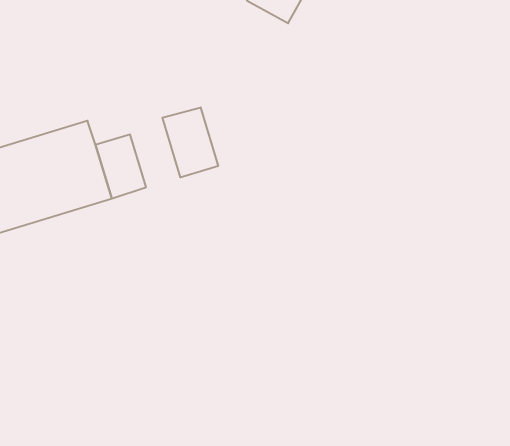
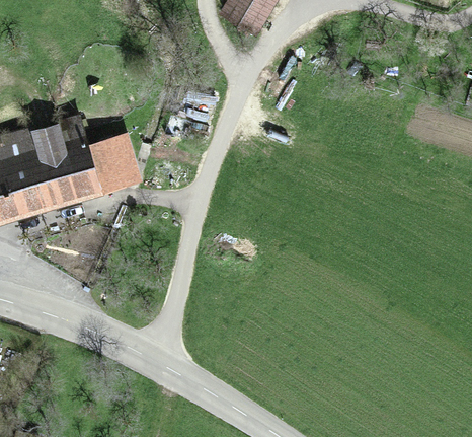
building: [162,107,218,177] -> none

